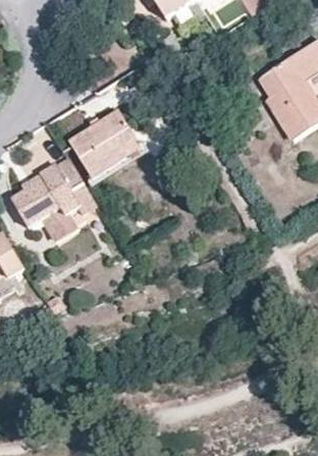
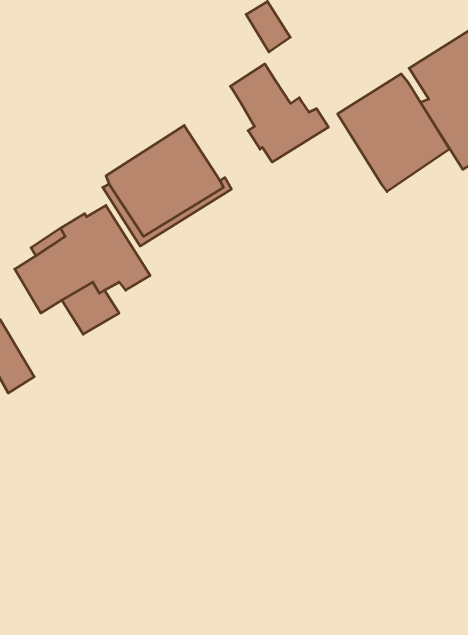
building: none -> [230,64,328,162]
building: none -> [338,74,449,192]

